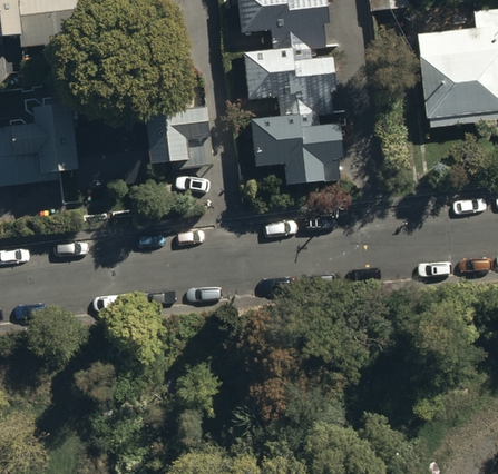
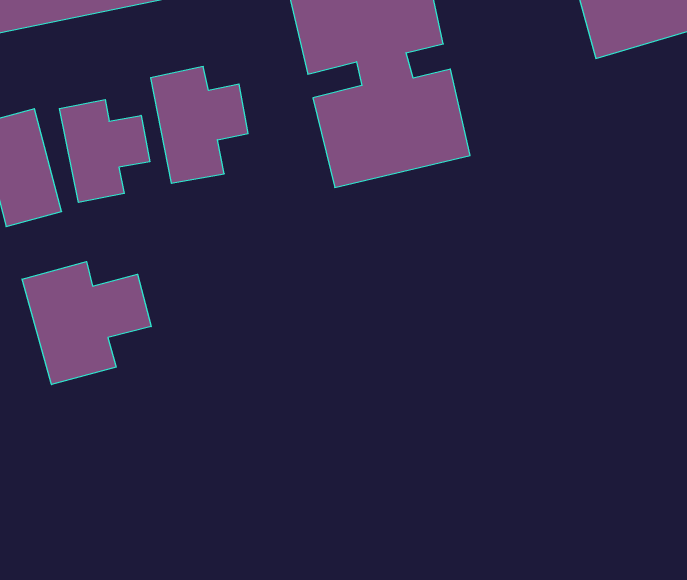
building: none -> [59,100,150,202]
building: none -> [22,262,151,385]

